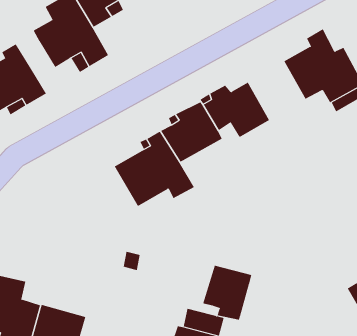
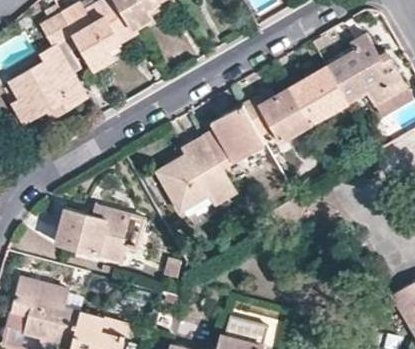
building: none -> [44,15,79,73]
building: none -> [291,65,349,125]
building: none -> [54,205,129,265]
building: [203,265,252,320] -> none

